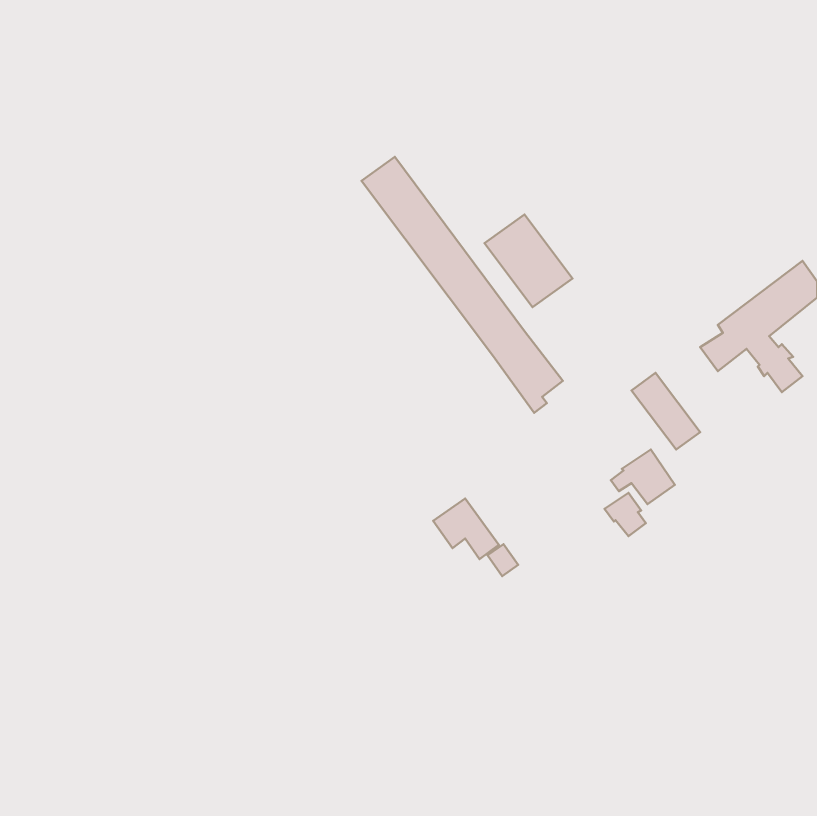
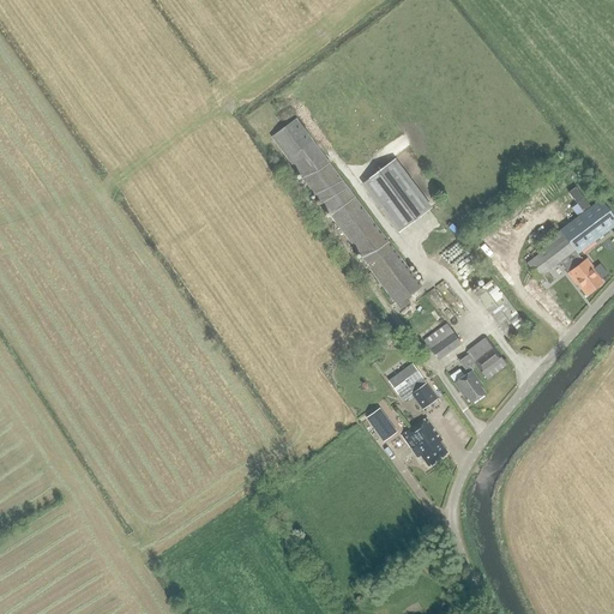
building: none -> [423,321,459,357]
building: [433,498,499,559] -> [387,362,437,408]
building: none -> [402,417,446,464]

